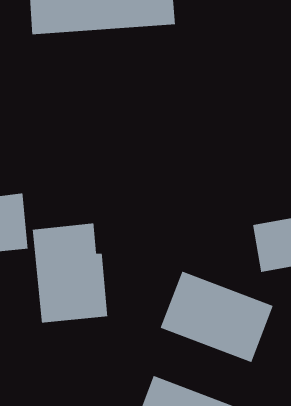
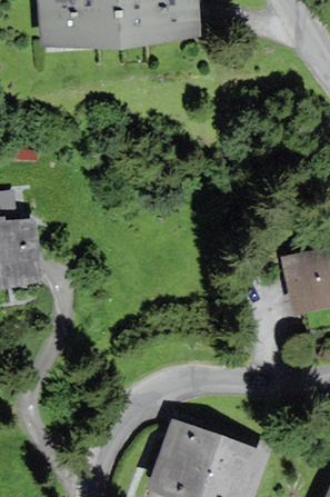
building: [32,222,108,323] -> none
building: [160,270,274,363] -> none

